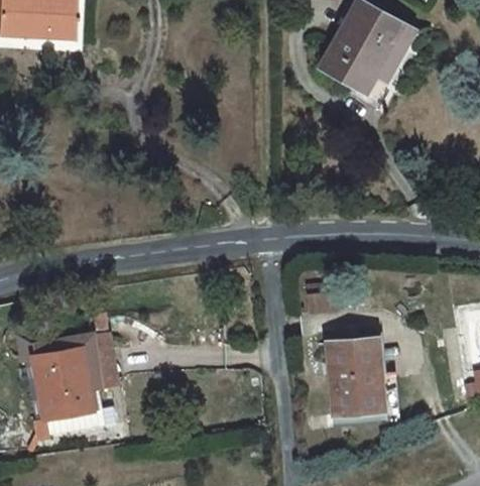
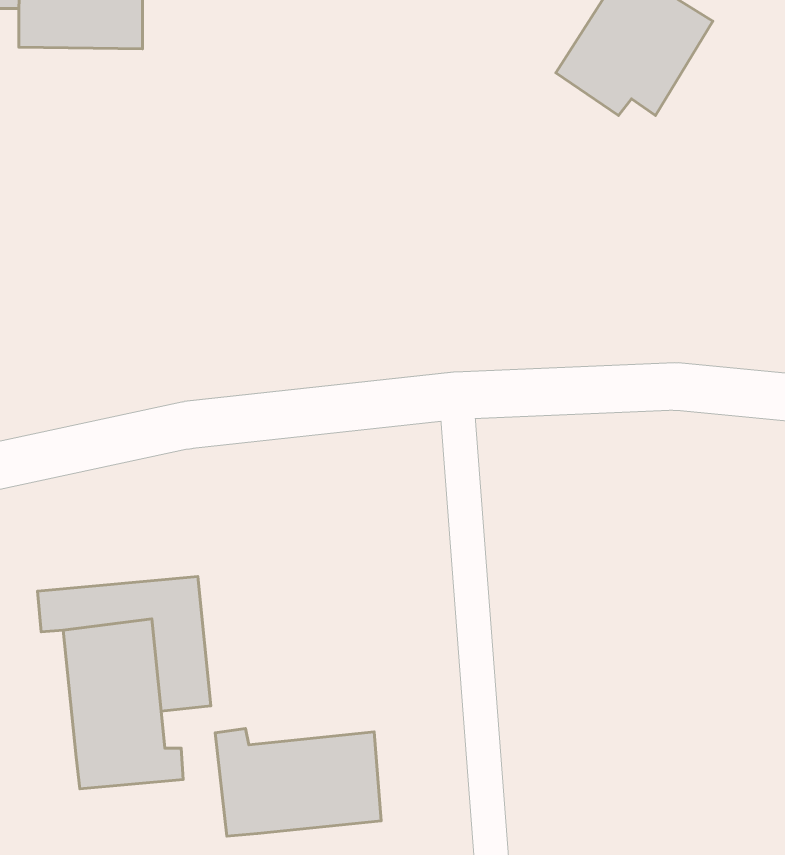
building: [325,337,383,414] -> none
building: none -> [215,729,381,836]

